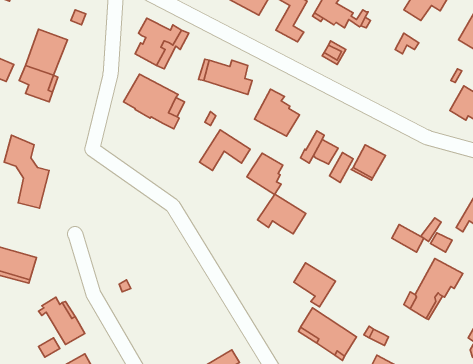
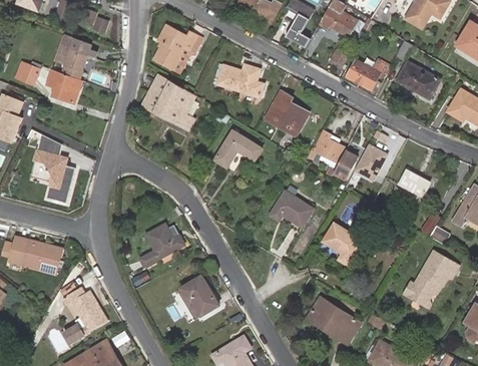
building: none -> [346,58,390,89]
building: none -> [396,60,439,98]
building: [247,153,283,194] -> none
building: [392,224,424,252] -> [398,169,428,196]
building: none -> [138,223,184,266]
building: [294,263,336,307] -> [322,223,361,264]
building: none -> [179,274,218,315]

